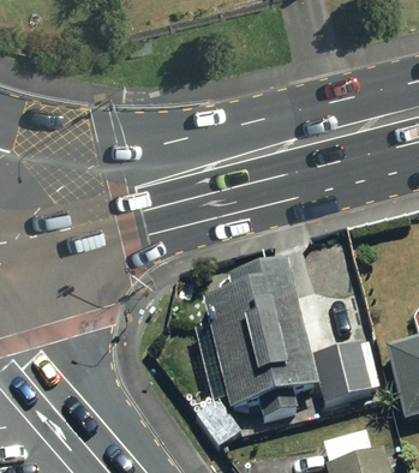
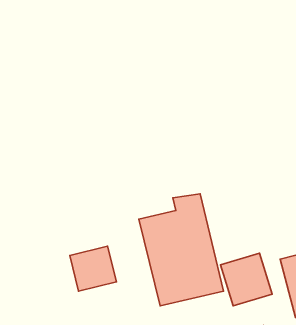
building: none -> [70,246,116,291]

